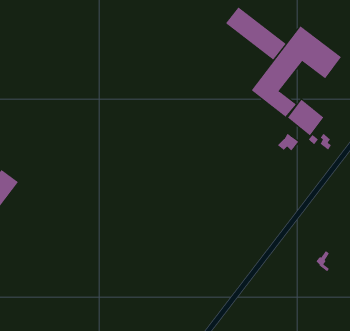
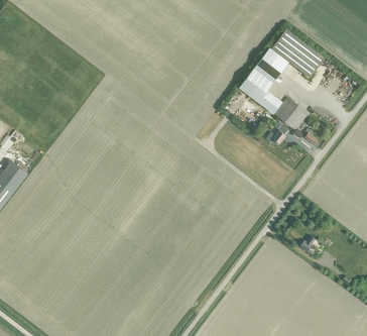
building: [225,7,287,60] -> none

